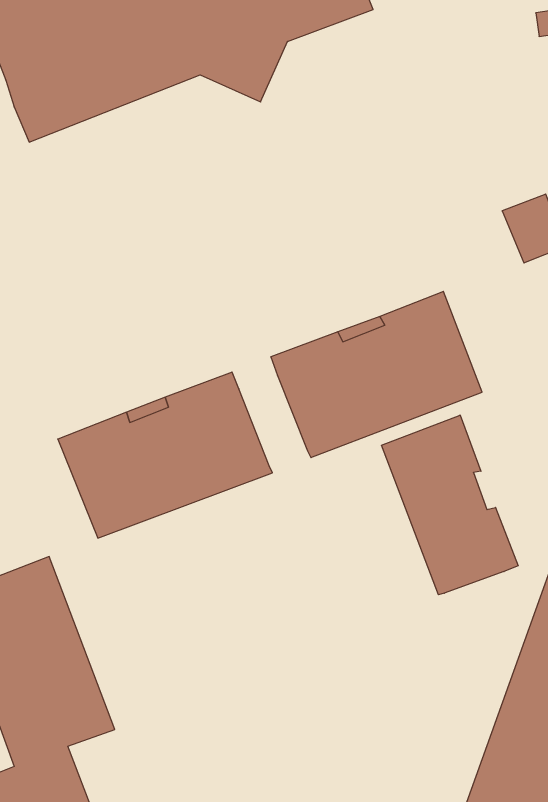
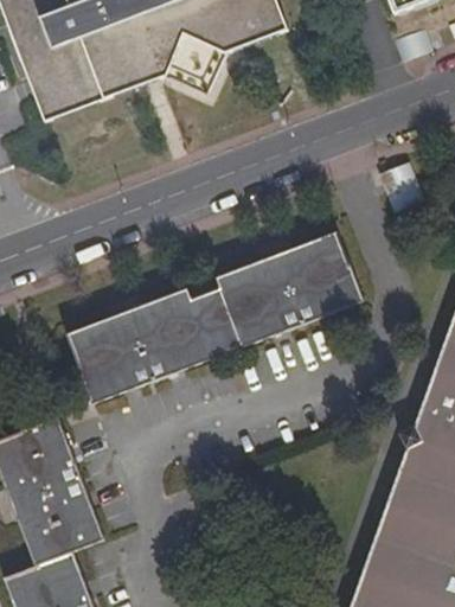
building: none -> [194,290,243,354]
building: [381,415,518,595] -> none

